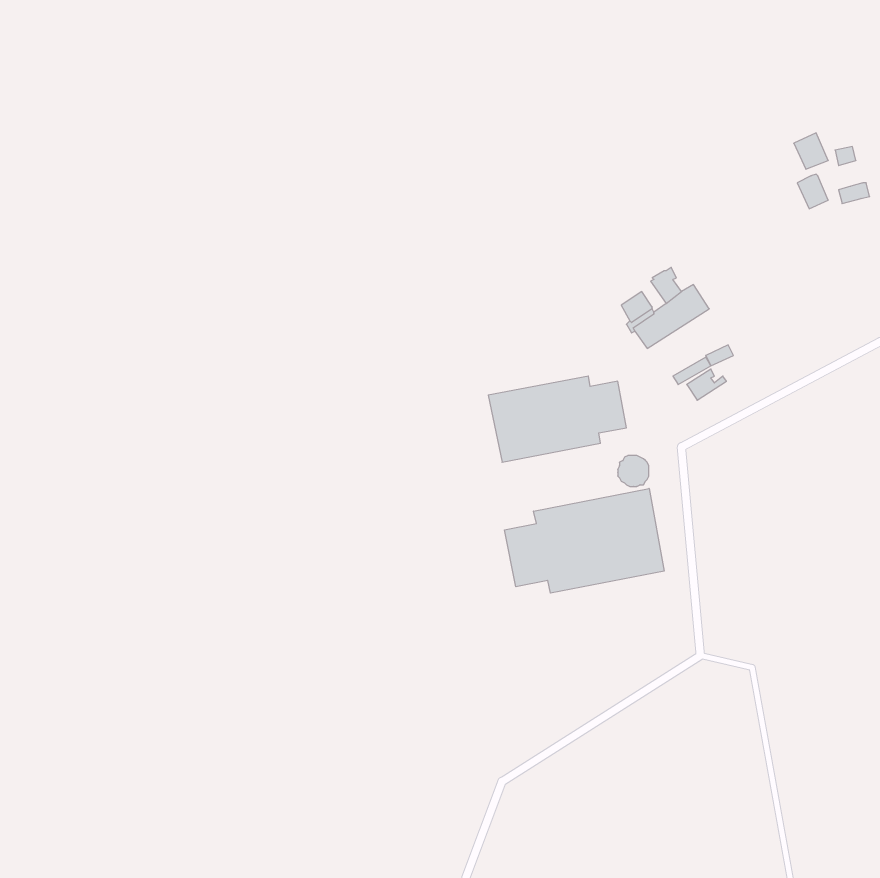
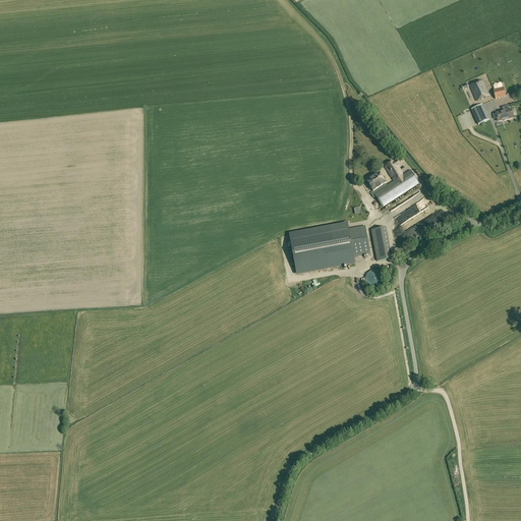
building: none -> [371,227,390,257]
building: [505,488,664,593] -> none

